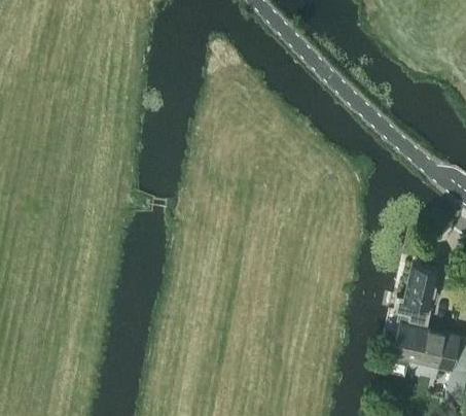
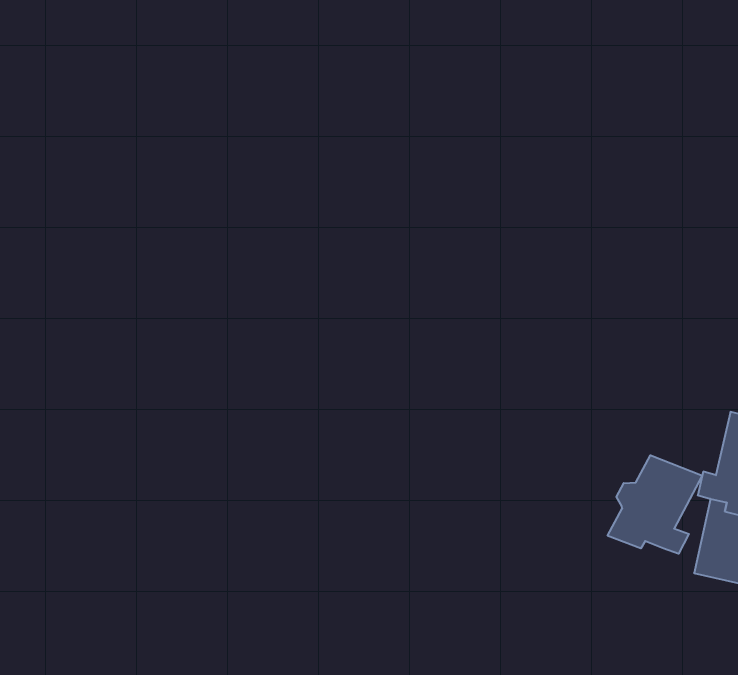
building: none -> [608,455,702,554]

